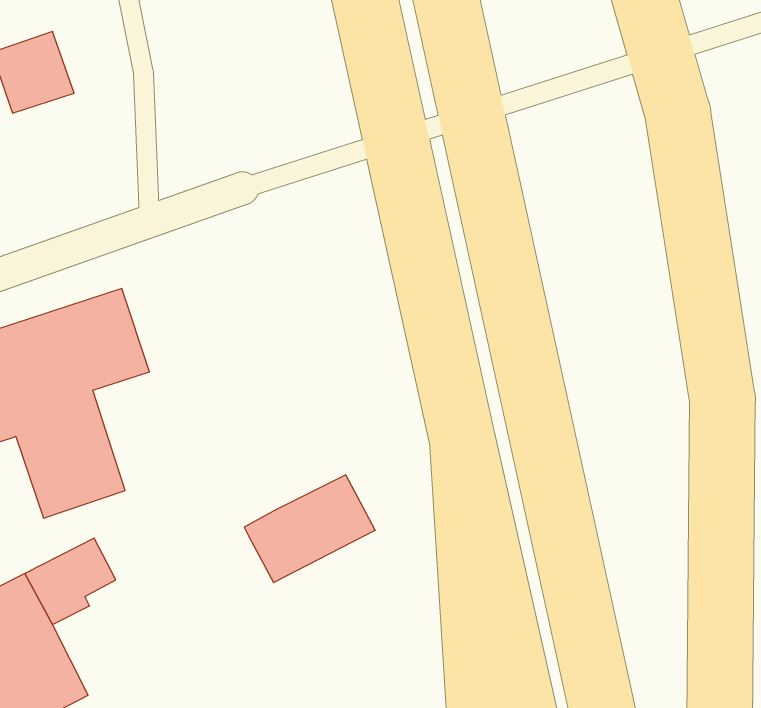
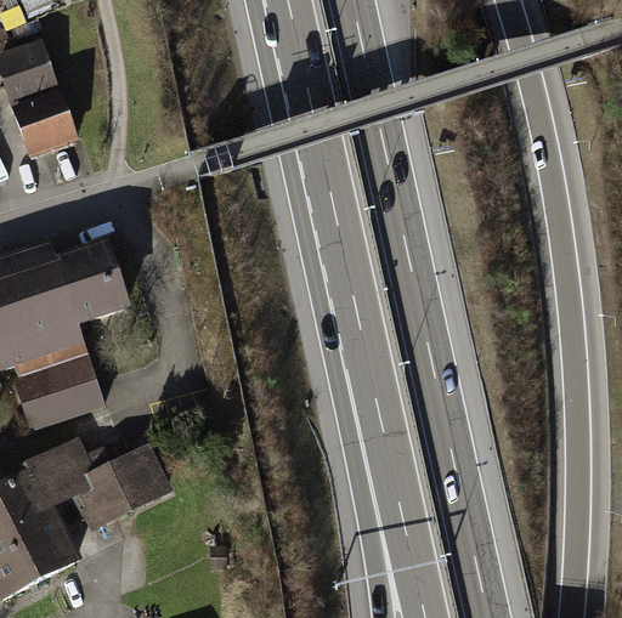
building: none -> [13,97,77,155]
building: [244,475,375,583] -> [68,444,171,529]

